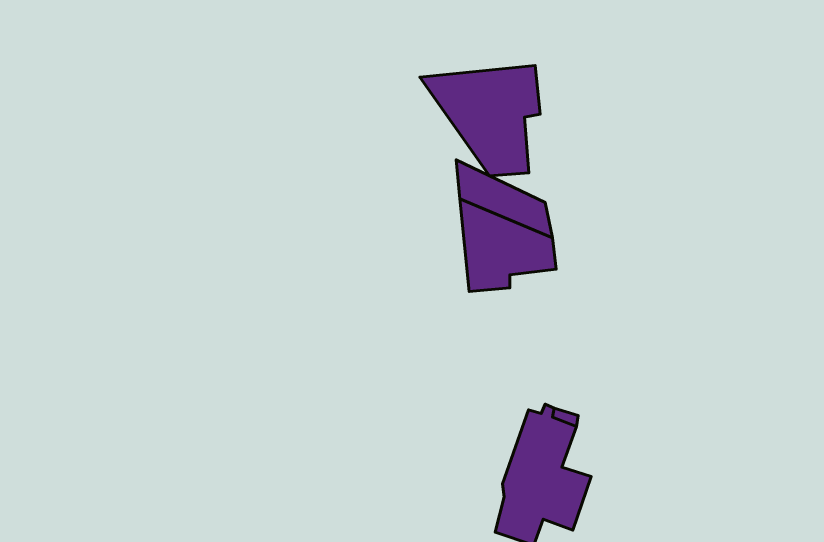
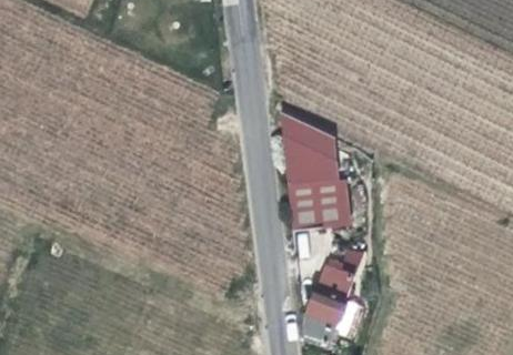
building: [420,65,540,176] -> none
building: none -> [289,176,344,236]

